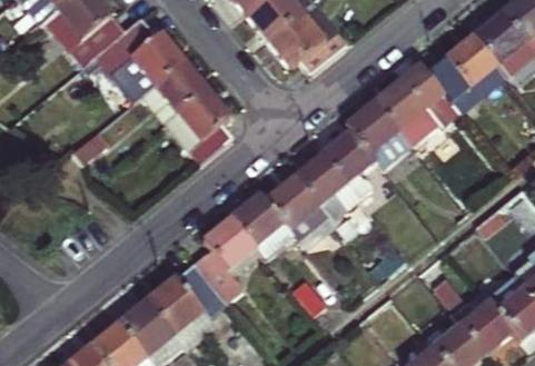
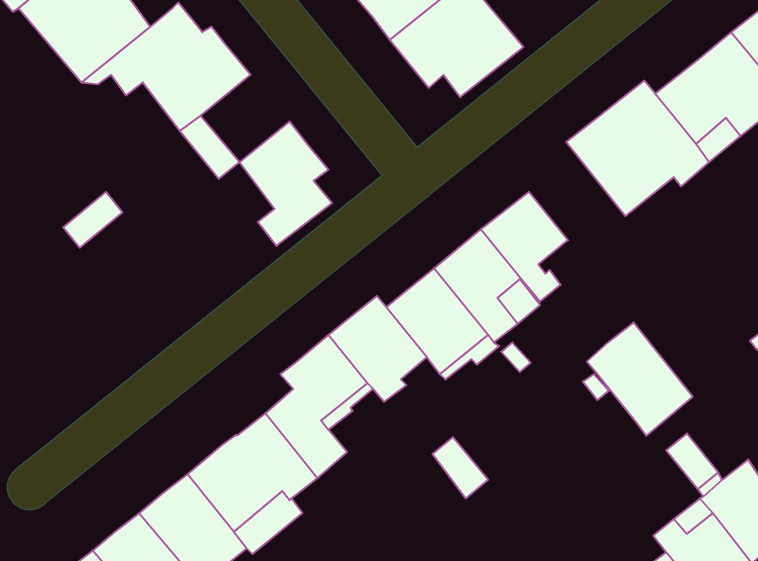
building: [153,61,207,113] -> none
building: [345,101,408,169] -> [587,322,693,436]

